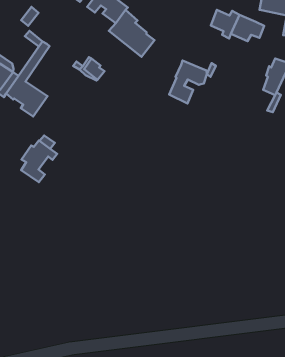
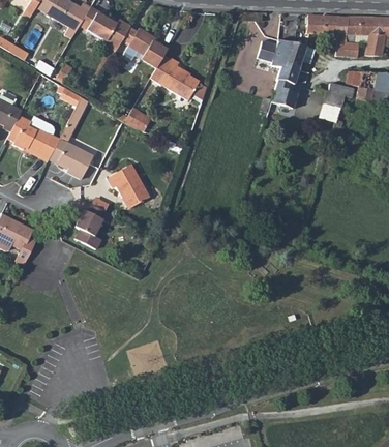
building: [169,60,207,104] -> [271,63,308,109]
building: none -> [109,166,150,209]

